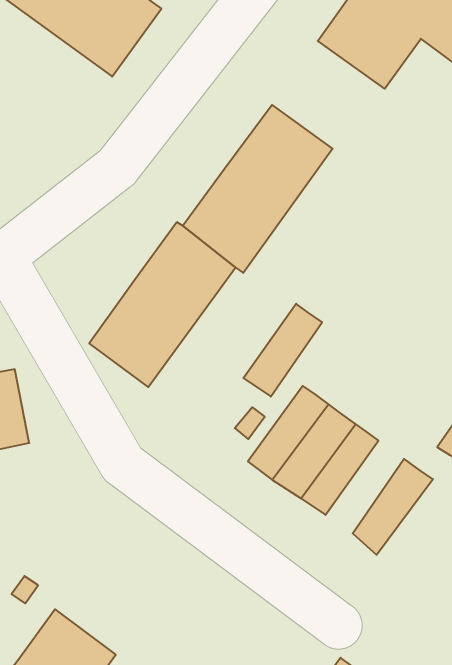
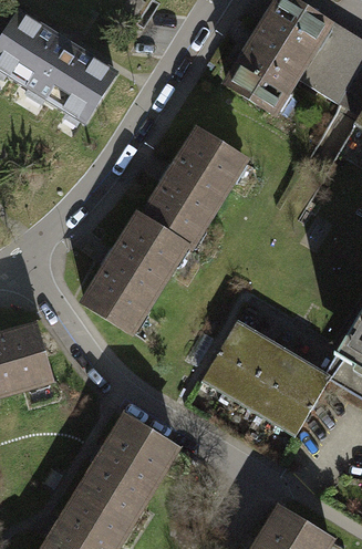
building: [243,304,322,397] -> [259,356,310,422]
building: none -> [79,417,169,519]

